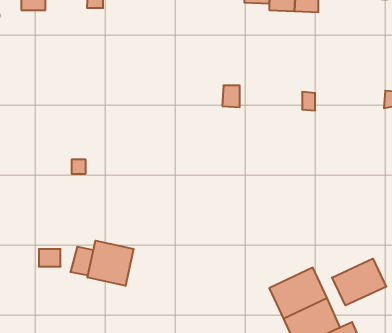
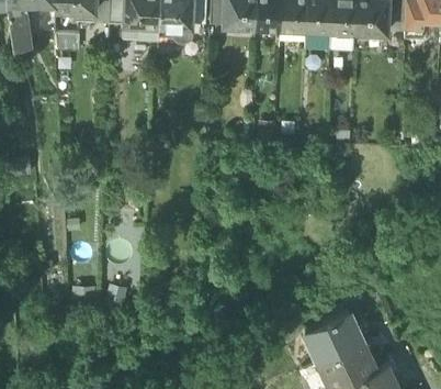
building: [88,241,133,286] -> none
building: [332,259,386,305] -> none

